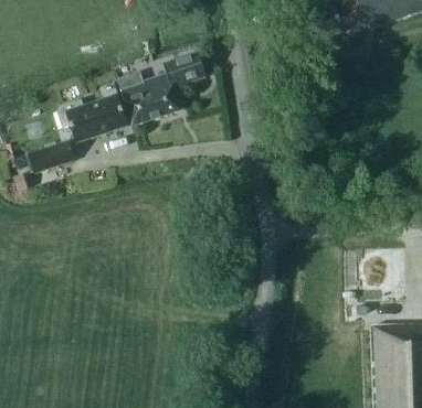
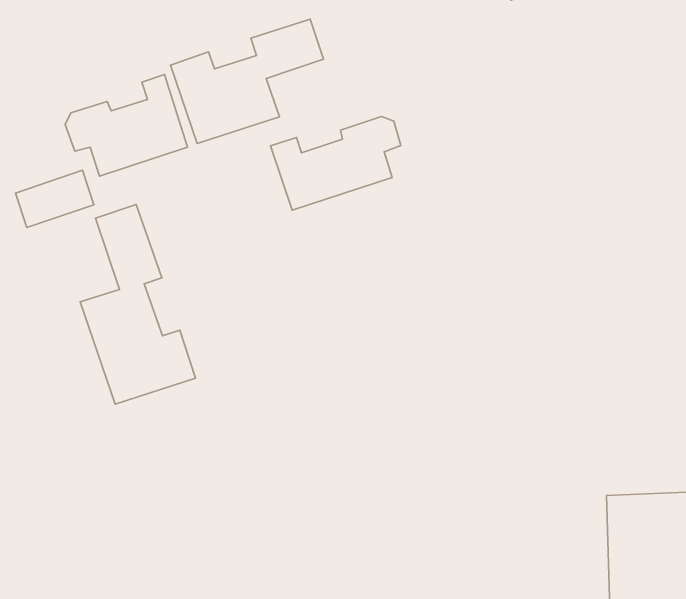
building: none -> [270,117,401,210]
building: none -> [80,204,195,404]

